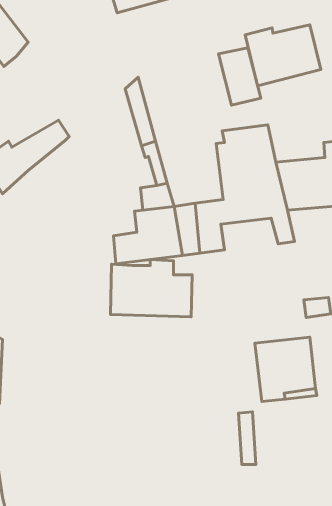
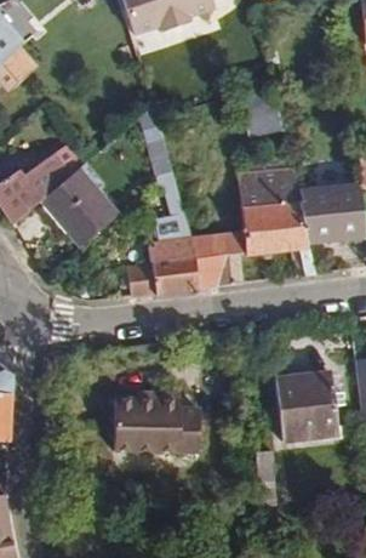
building: [245,25,321,86] -> none
building: none -> [40,164,118,247]
building: [110,260,192,317] -> [115,393,200,452]

